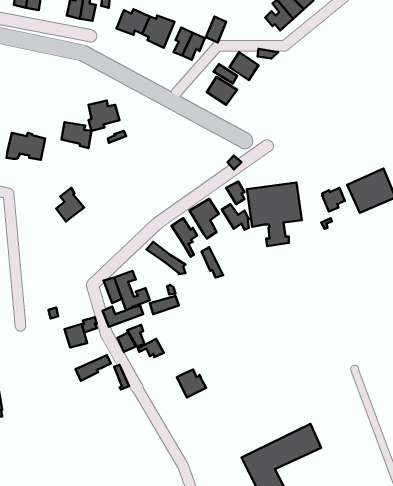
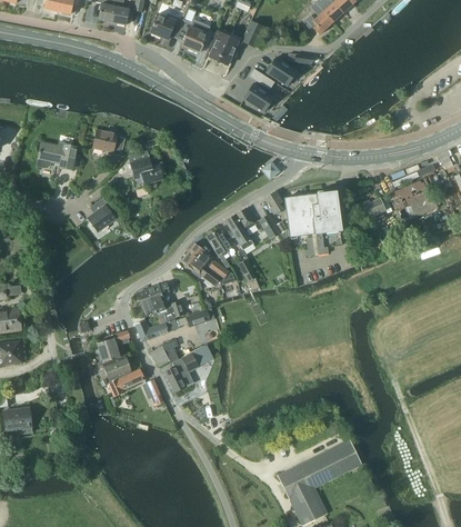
building: [88,101,120,131] -> [131,158,163,189]
building: none -> [188,242,235,285]
building: none -> [102,355,133,380]
building: [177,370,206,398] -> [164,362,194,391]

